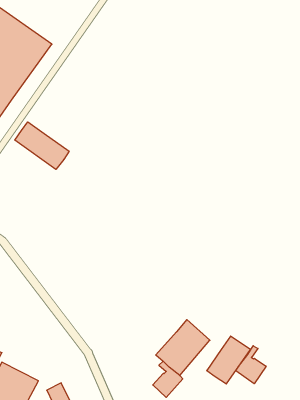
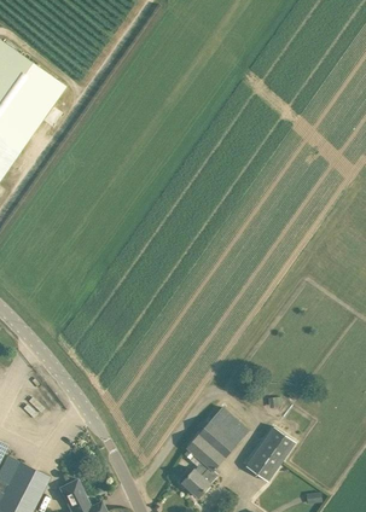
building: [15,122,69,169] -> none
building: [236,346,266,384] -> none

